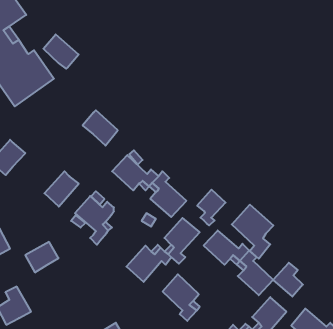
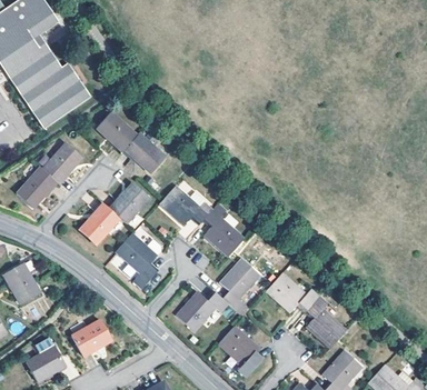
building: [43,34,79,69] -> [97,111,138,151]
building: none -> [42,142,82,184]
building: none -> [109,182,150,223]
building: [197,190,226,225] -> none
building: [232,205,273,259] -> none
building: [25,242,59,272] -> [72,320,111,356]
building: [273,263,303,297] -> none

